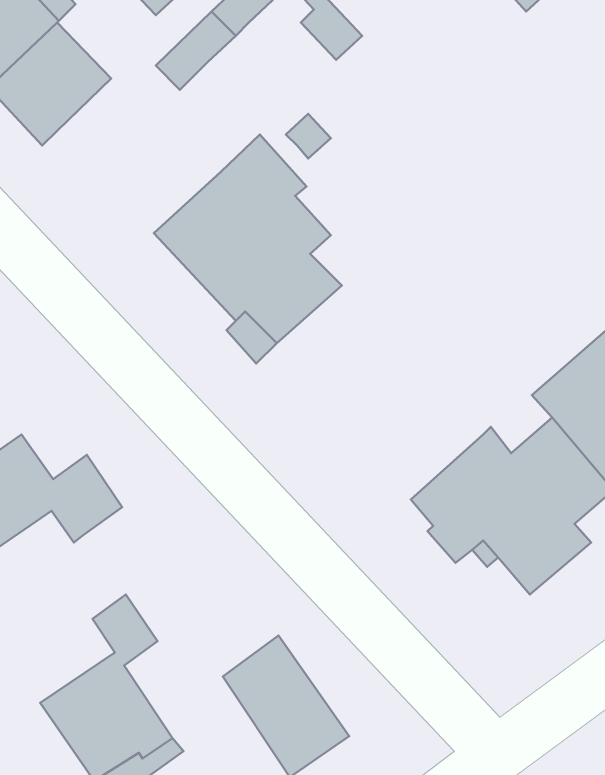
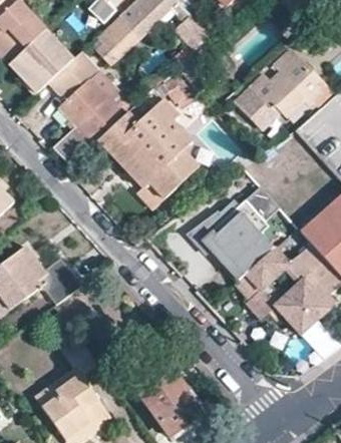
building: none -> [45,52,133,164]
building: none -> [237,52,321,133]
building: none -> [189,200,275,284]

